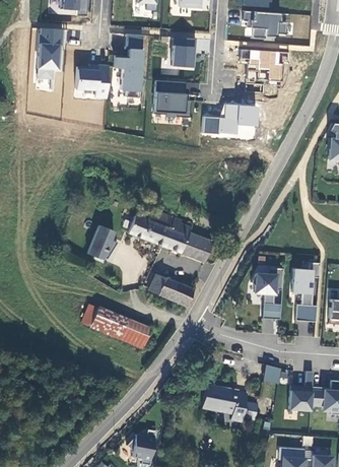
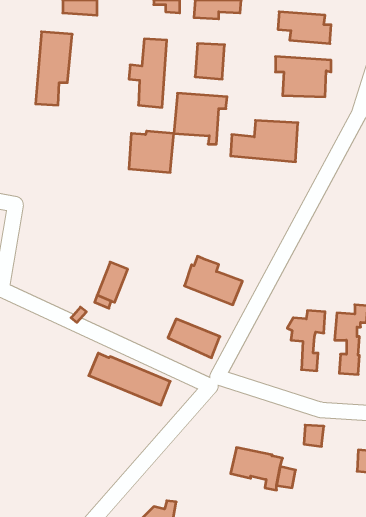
building: [74,64,113,99] -> [129,131,174,172]
building: [128,209,175,246] -> none
building: [288,385,312,411] -> none

